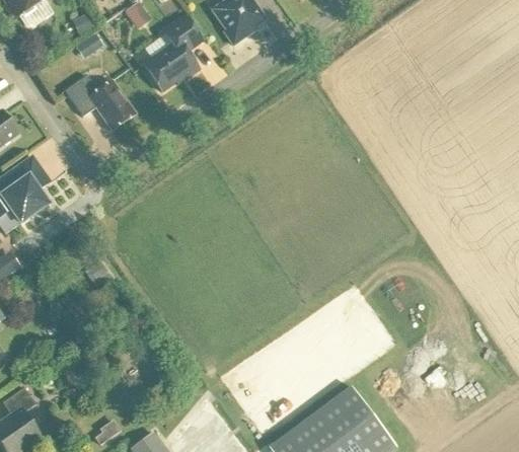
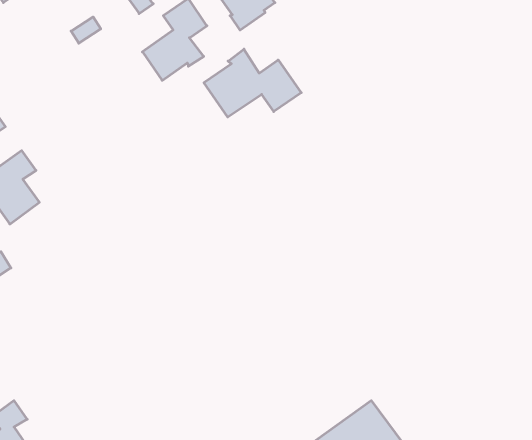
building: none -> [204,49,301,117]
building: [64,75,134,131] -> none

